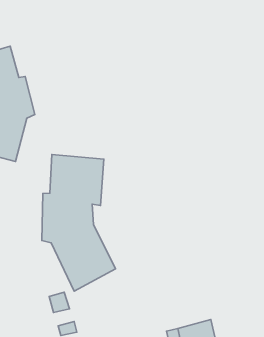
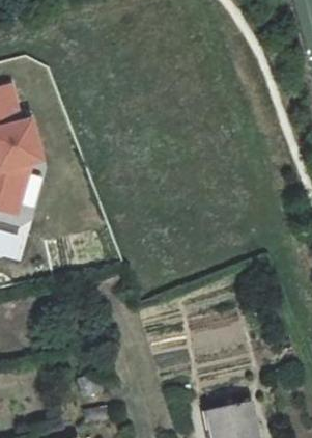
building: [42,154,116,291] -> none

